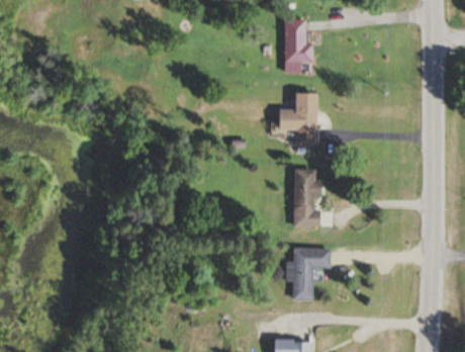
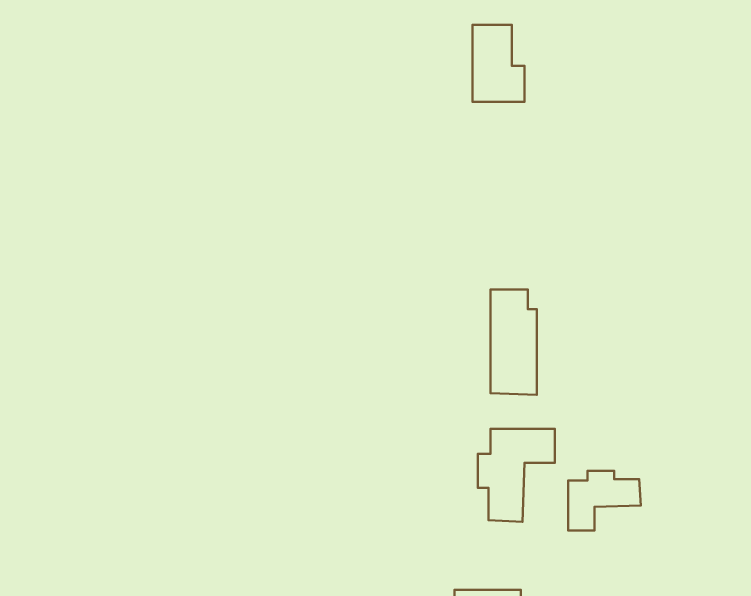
building: [279,93,317,147] -> none
building: none -> [568,471,641,530]

